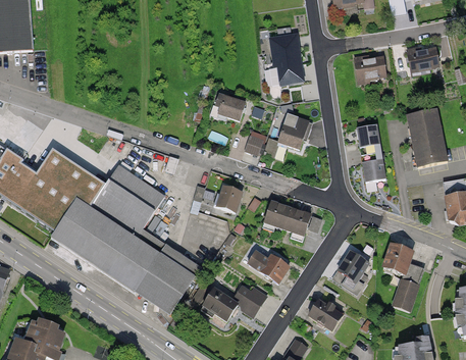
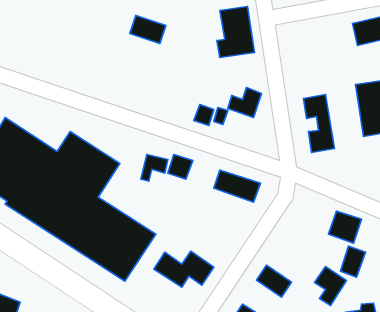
building: [351,53,384,84] -> none
building: [213,94,250,122] -> [130,15,166,43]
building: [245,249,290,285] -> none
building: [334,252,367,292] -> [315,266,347,305]

